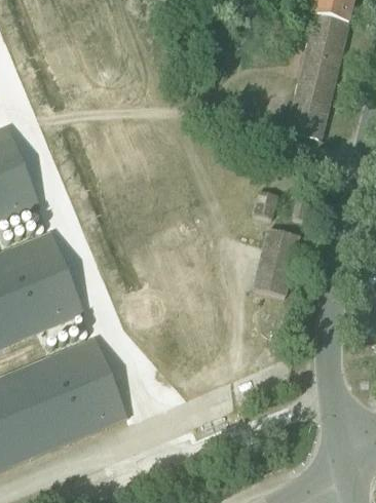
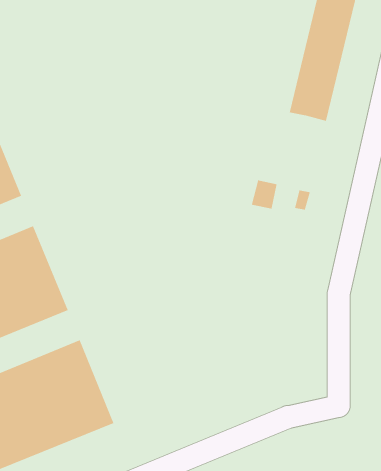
building: [252,228,299,295] -> none

